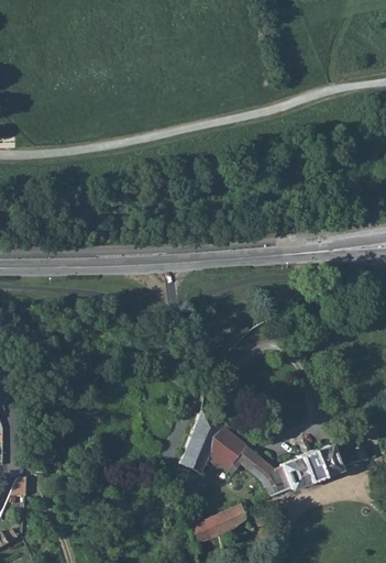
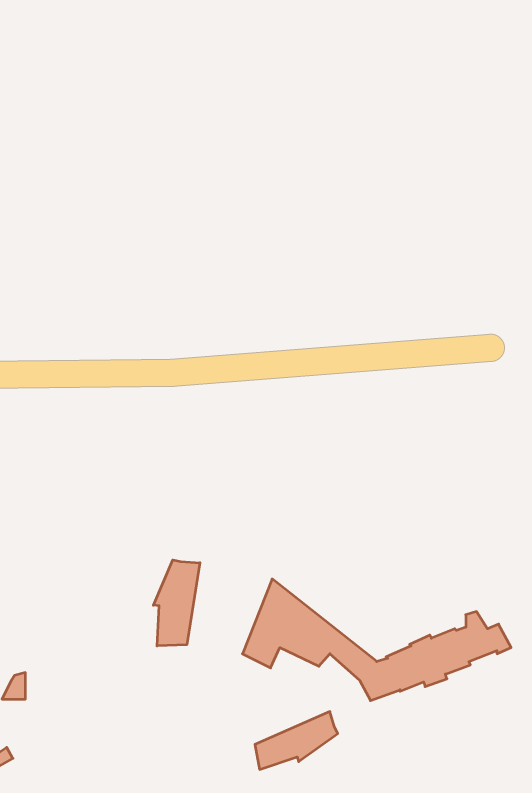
building: none -> [153,560,200,646]

